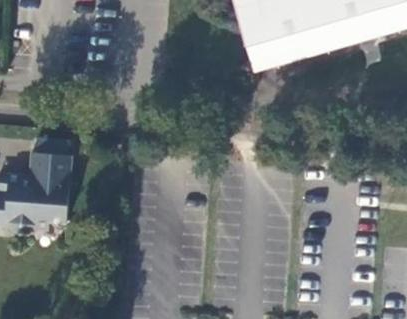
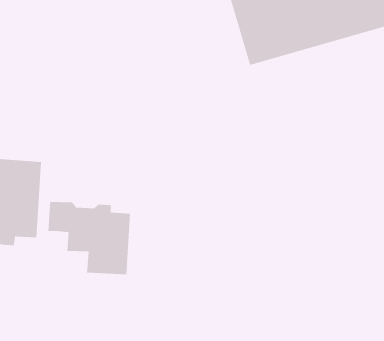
building: none -> [48,201,130,275]

